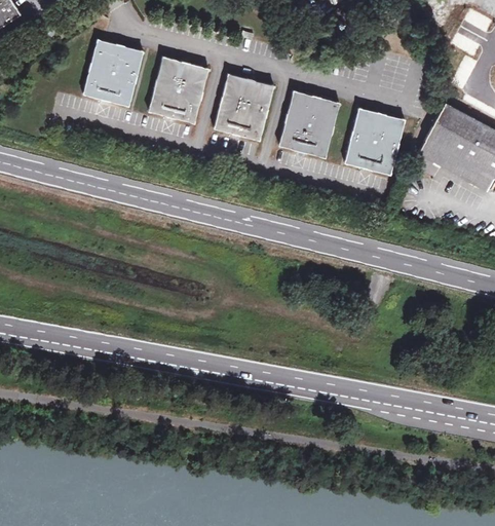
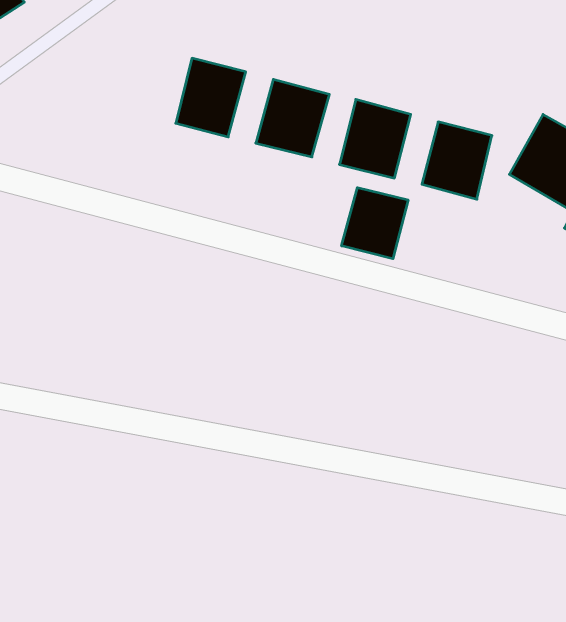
building: [79,41,138,105] -> none
building: none -> [342,188,408,259]

